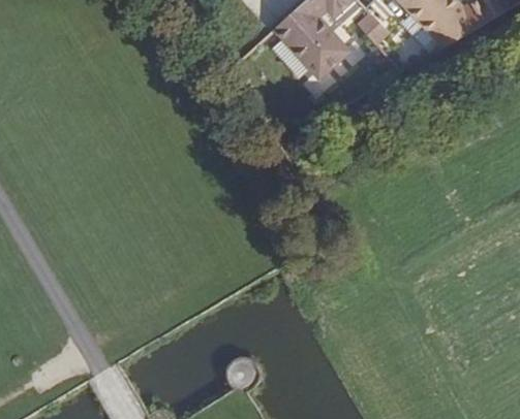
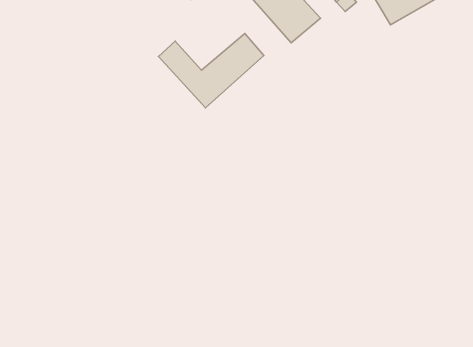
building: none -> [159,33,264,108]

